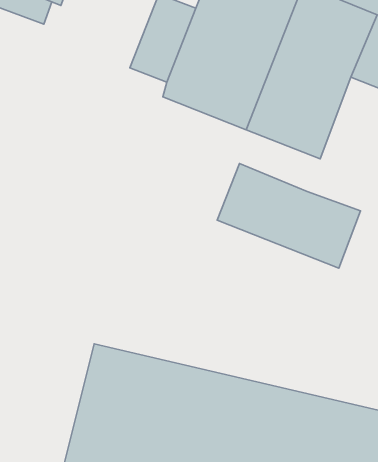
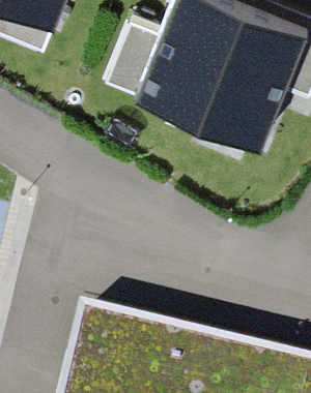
building: [217,163,360,268] -> none

